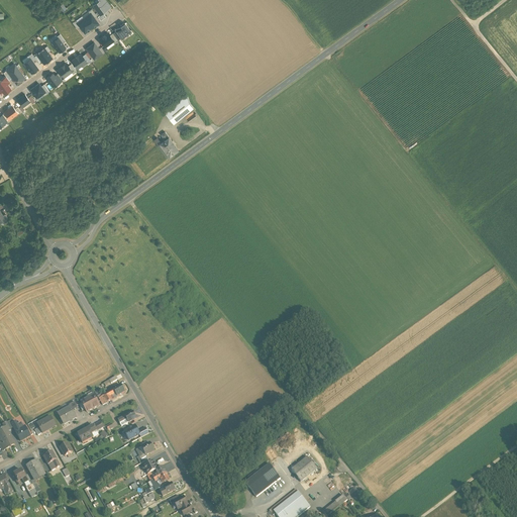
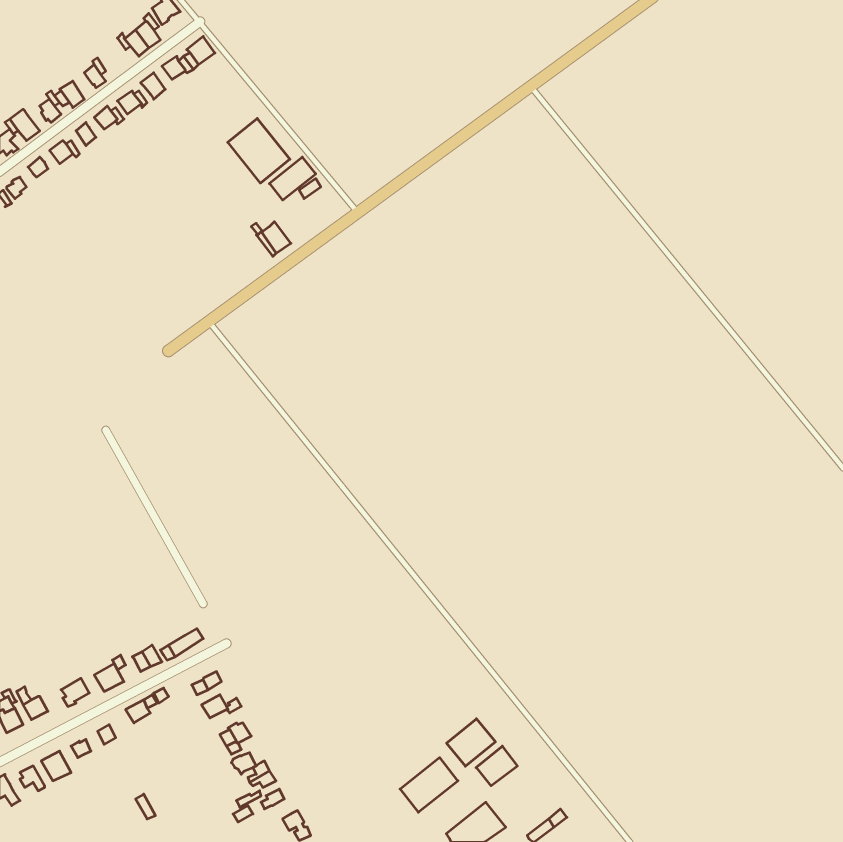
building: none -> [228,118,290,183]
building: none -> [447,719,495,766]

